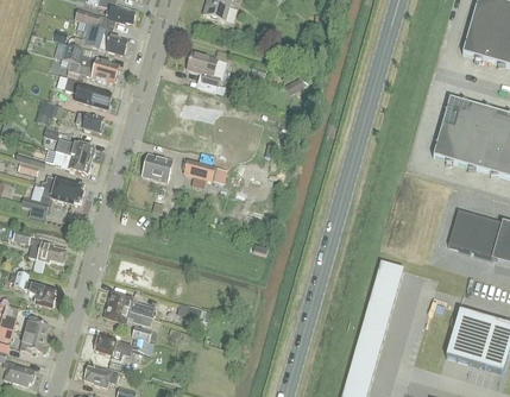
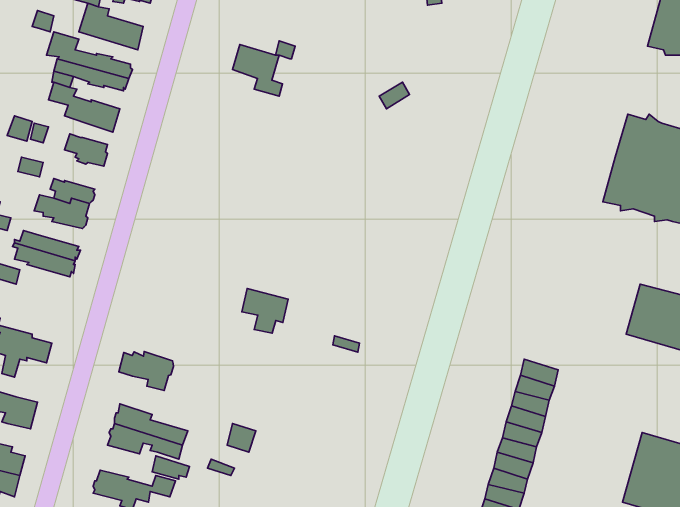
building: [141,152,174,182] -> none
building: [184,158,215,188] -> [242,288,288,333]
building: none -> [119,351,173,390]

